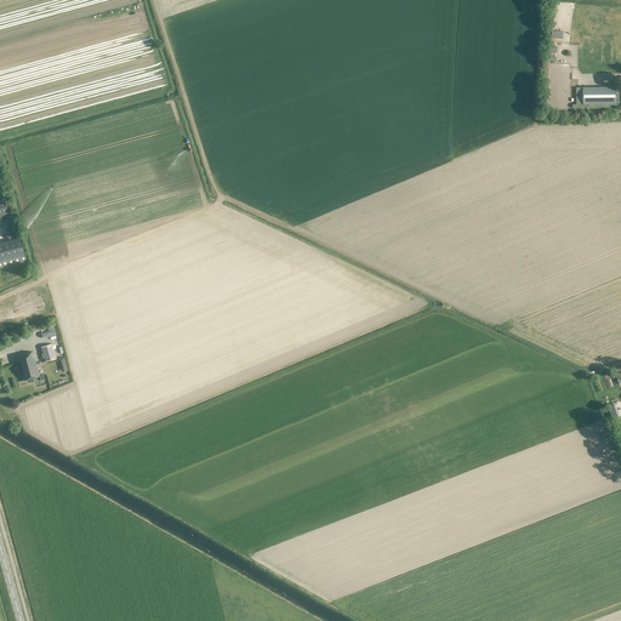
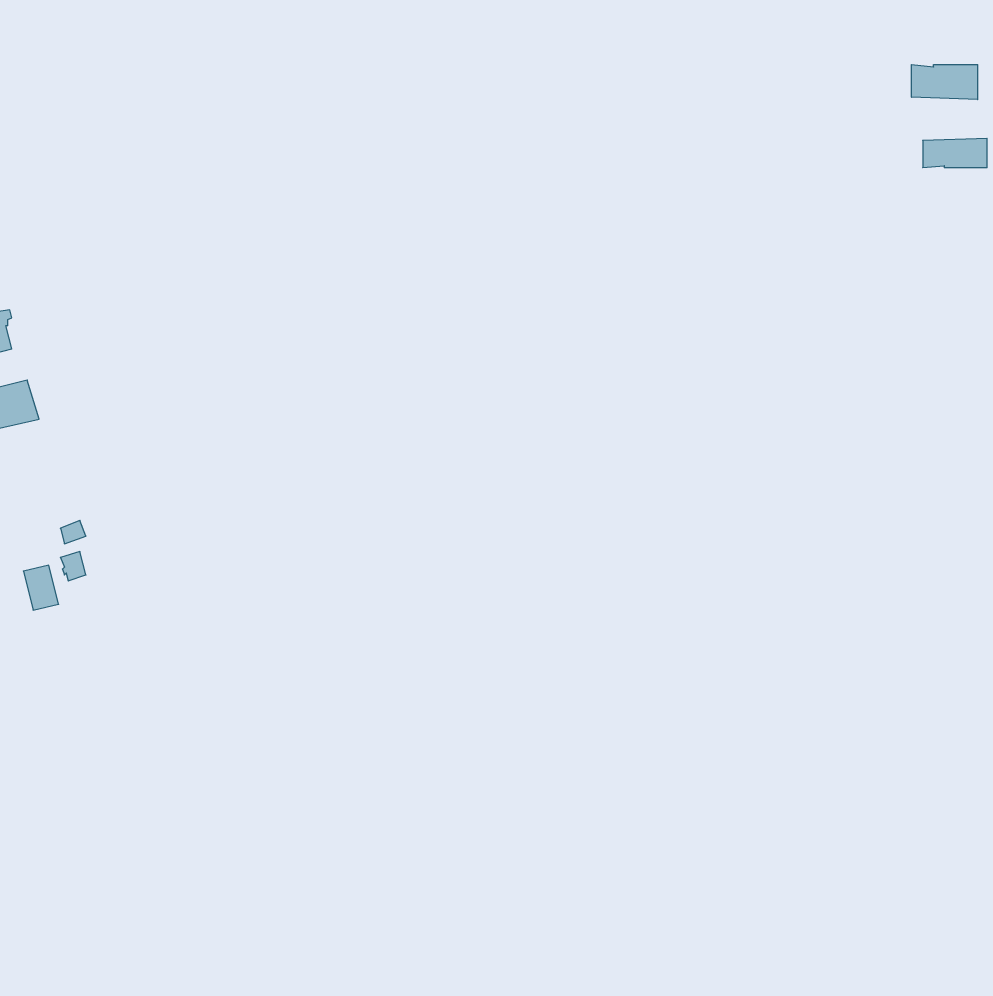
building: none -> [912,65,978,100]

